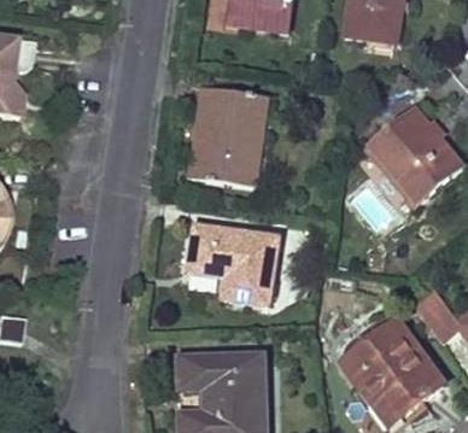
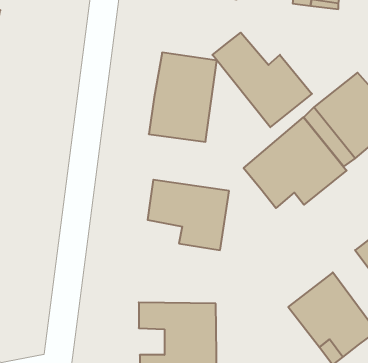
building: none -> [212,33,312,127]
building: none -> [244,117,347,208]

